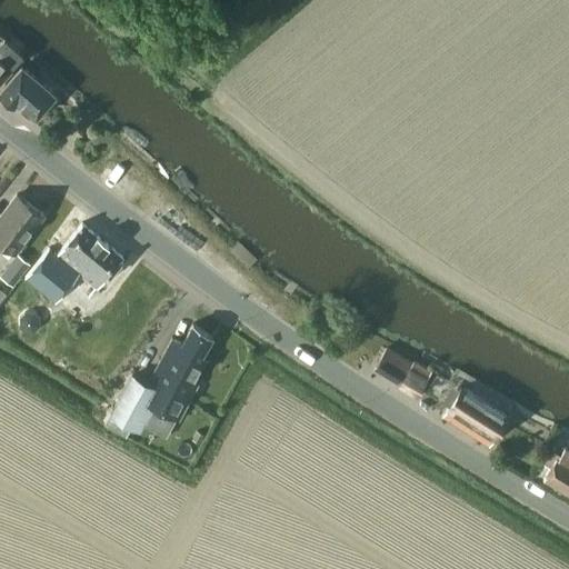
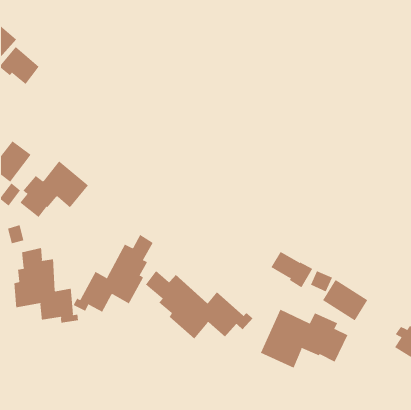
building: none -> [14,247,79,324]
building: none -> [145,270,253,339]
building: none -> [260,309,348,368]

